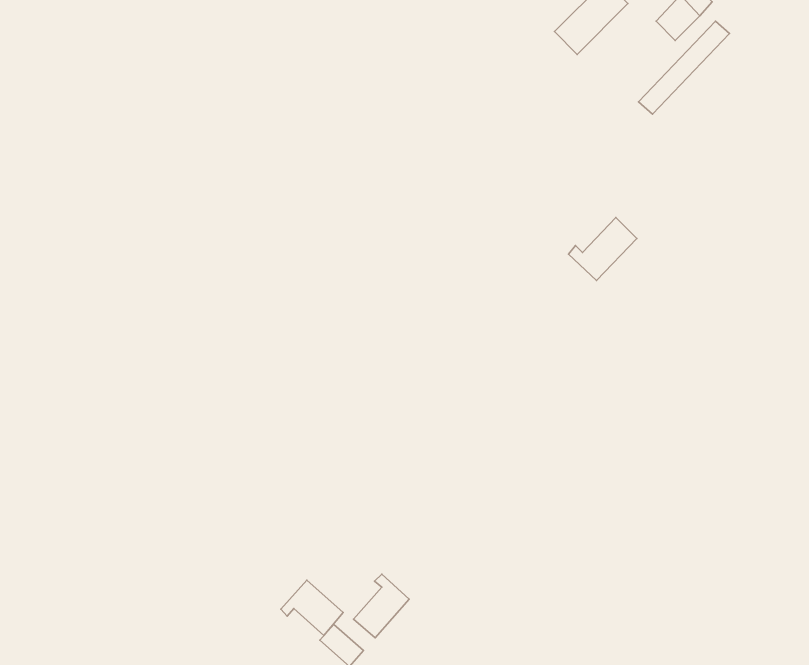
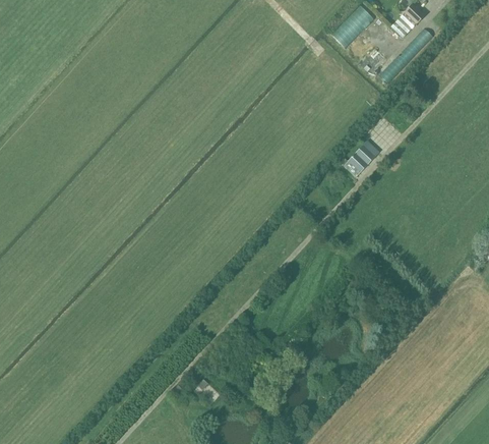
building: [353,574,409,638] -> none
building: [281,580,343,635] -> none

